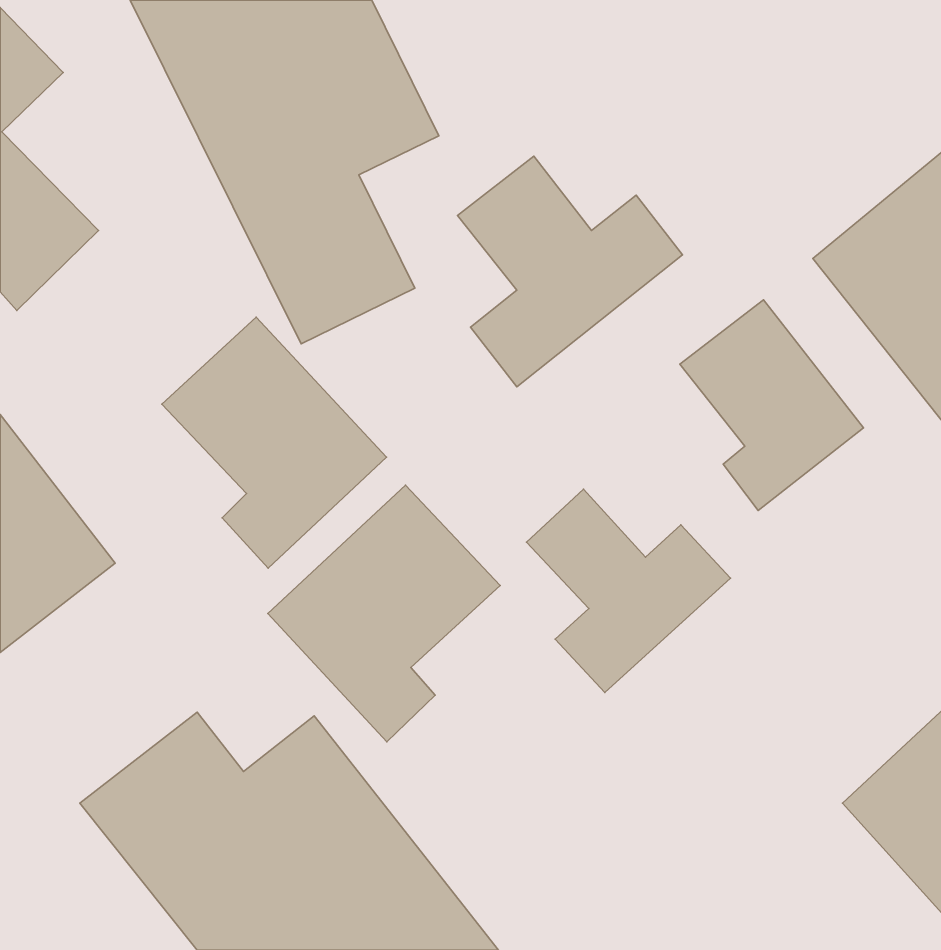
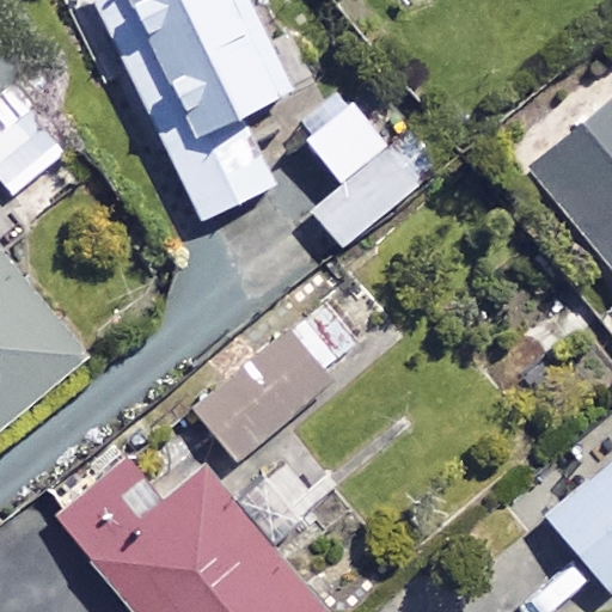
building: [680,300,863,510] -> none
building: [162,317,387,568] -> none
building: [527,489,731,693] -> none

